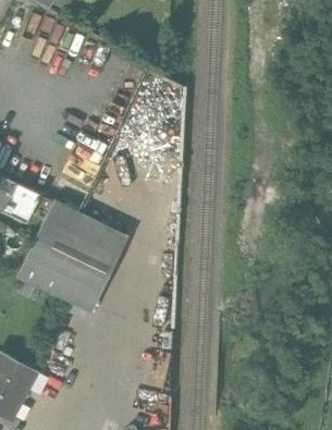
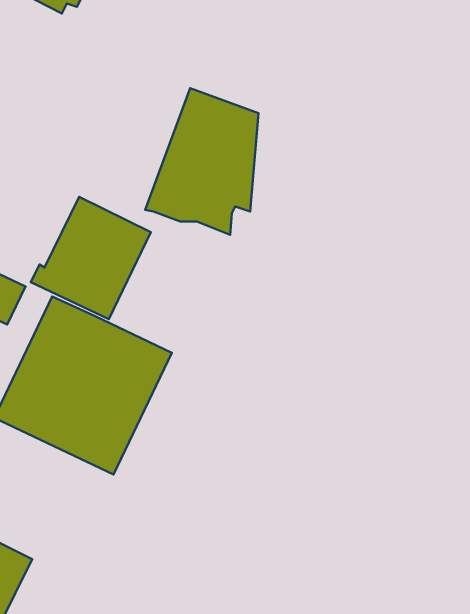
building: none -> [31,197,151,319]

